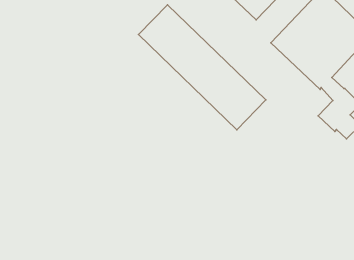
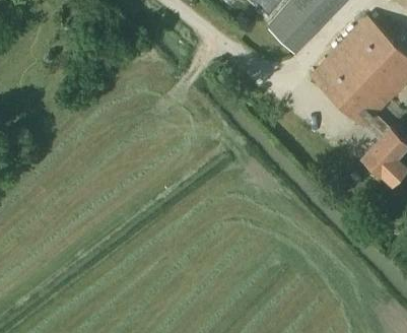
building: [138,5,266,130] -> none

